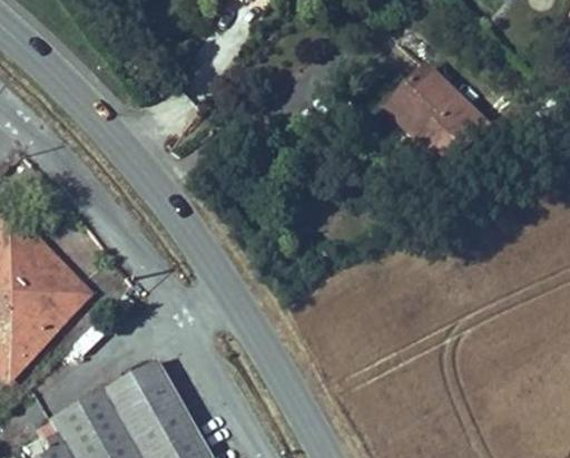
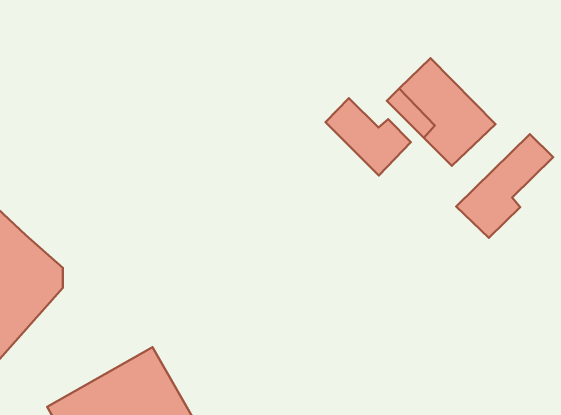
building: none -> [325,98,411,175]
building: none -> [456,134,553,238]

